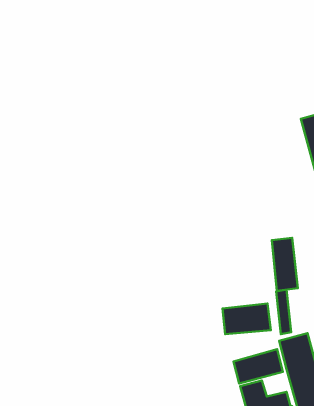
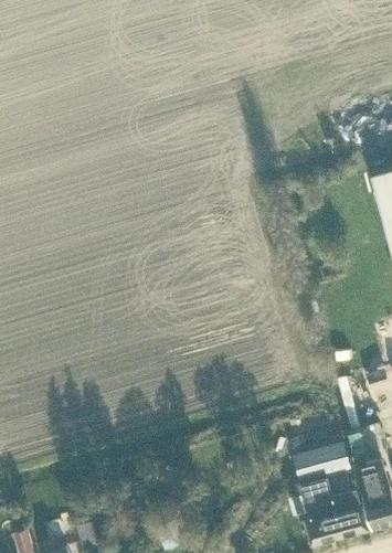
building: [272,238,298,291] -> none
building: [222,304,271,334] -> none

